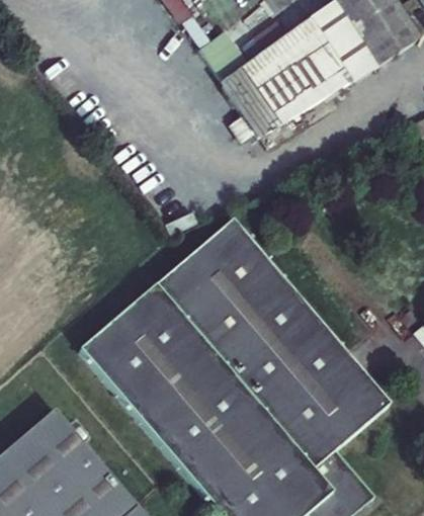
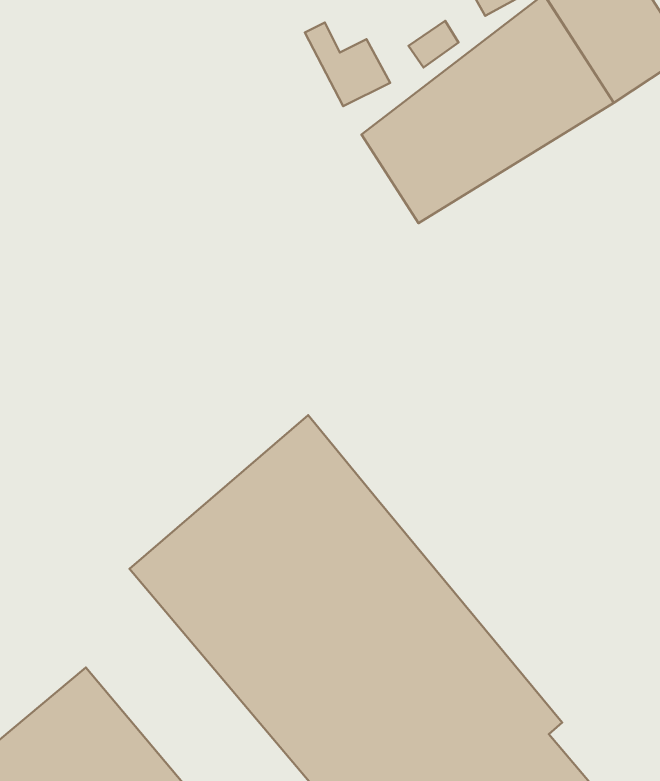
building: [189,218,390,441] -> none

